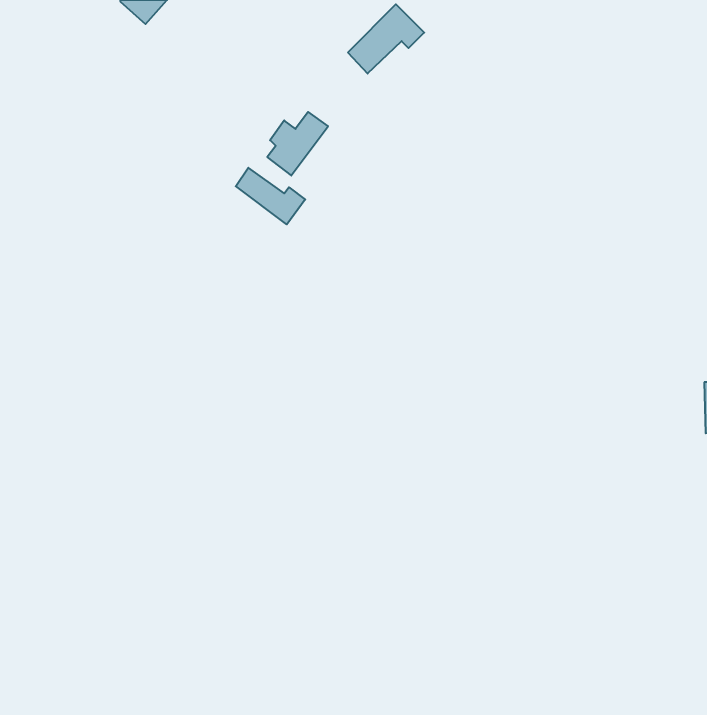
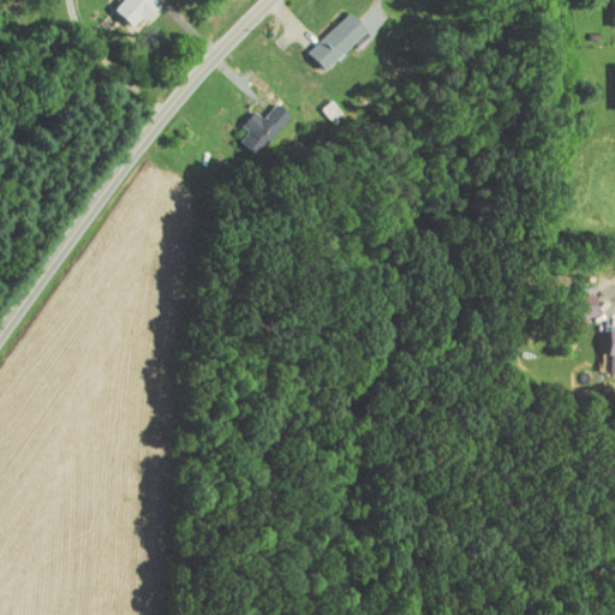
building: [236,168,305,224] -> none

